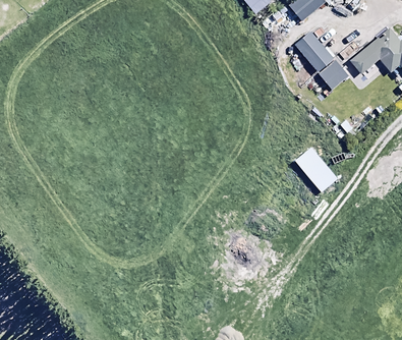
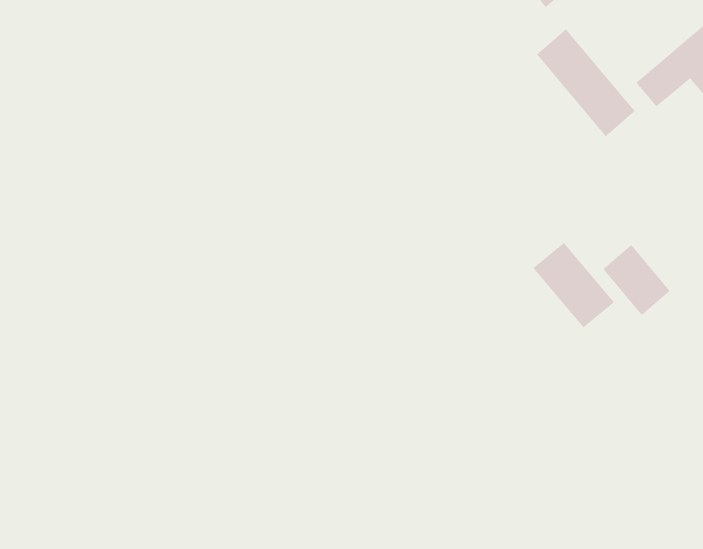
building: none -> [602,244,671,316]

